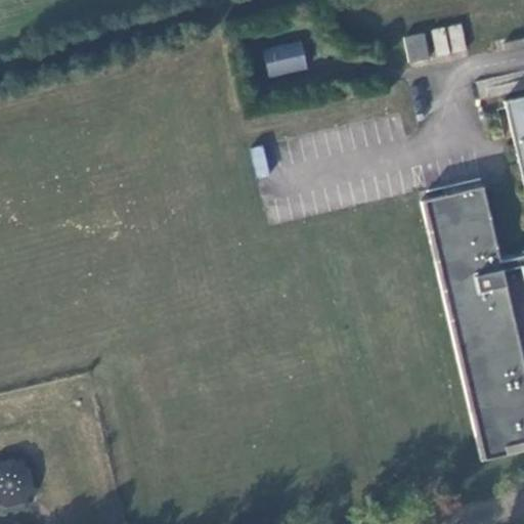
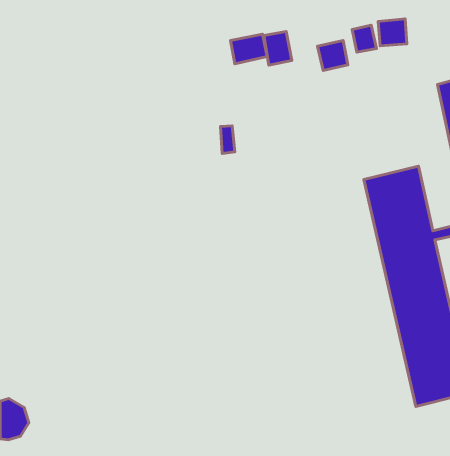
building: none -> [264,31,292,65]
building: none -> [317,40,348,71]

